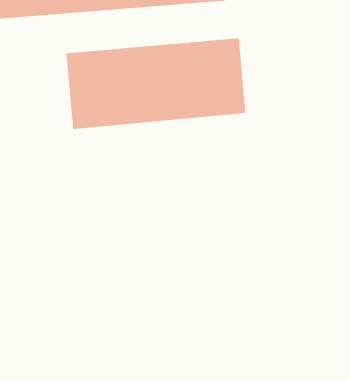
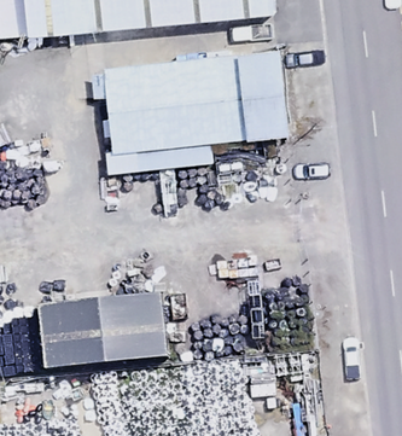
building: none -> [41,297,164,370]

